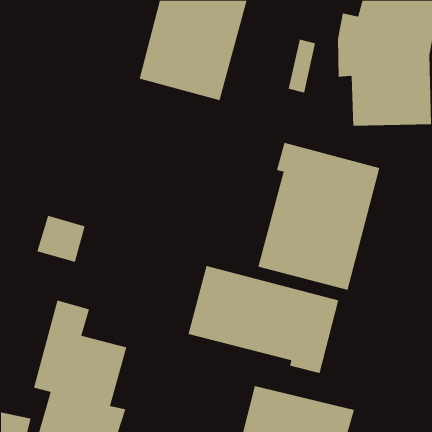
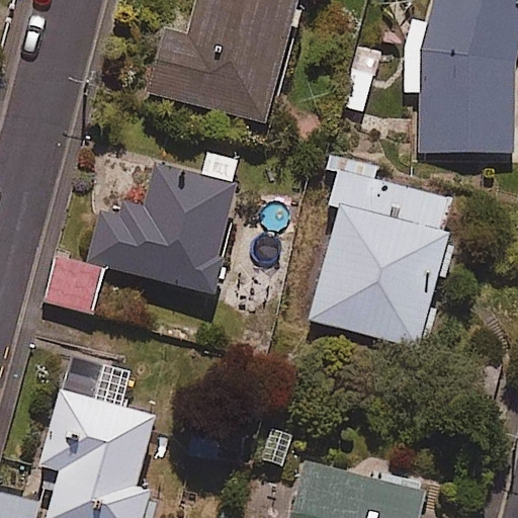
building: none -> [85,150,243,292]
building: [188,265,339,374] -> none

